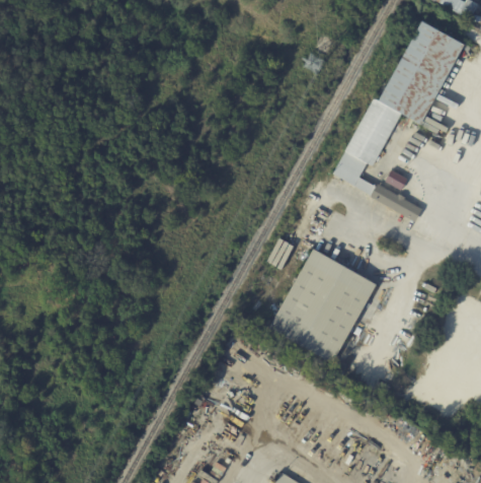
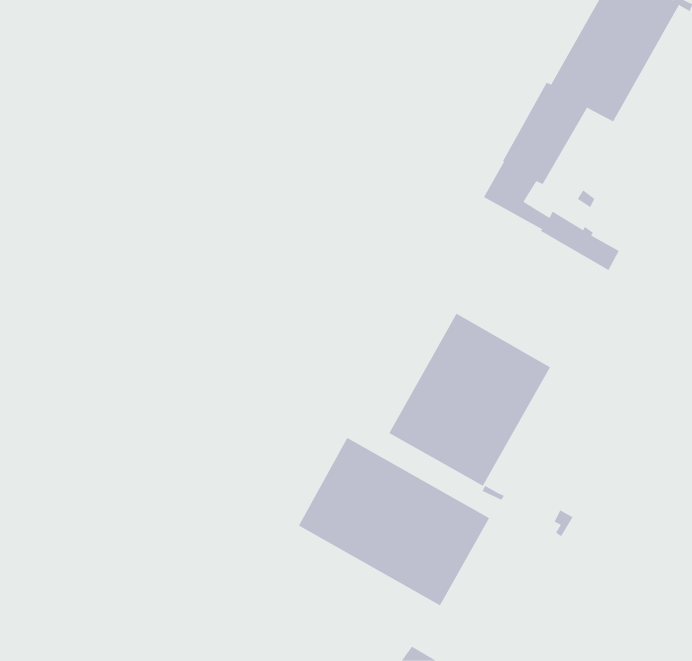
building: none -> [298,438,490,606]

